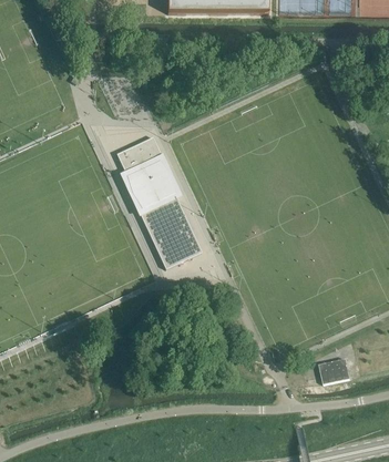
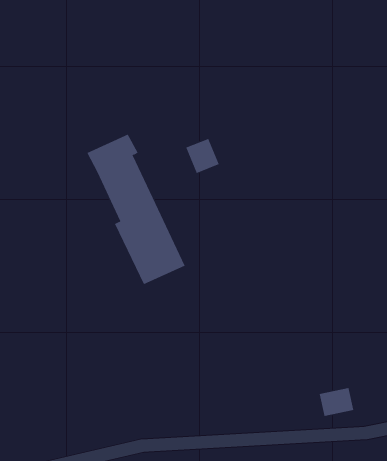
building: none -> [186,138,219,174]

